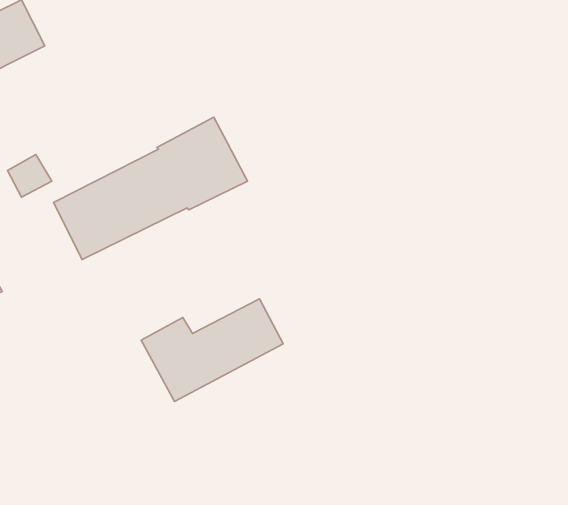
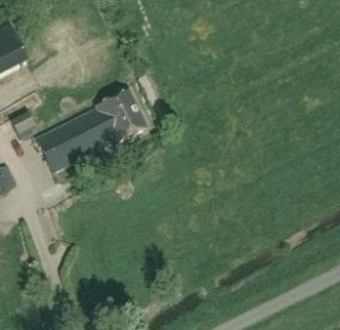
building: [141,299,283,401] -> none

